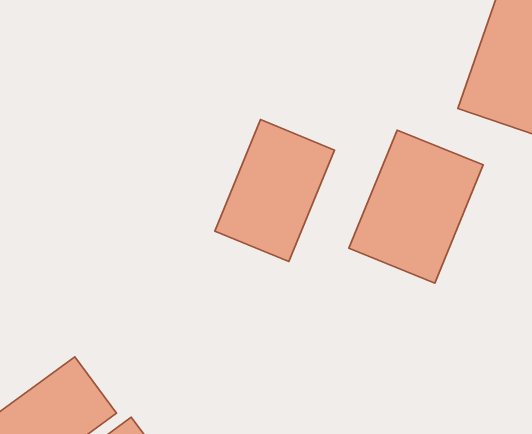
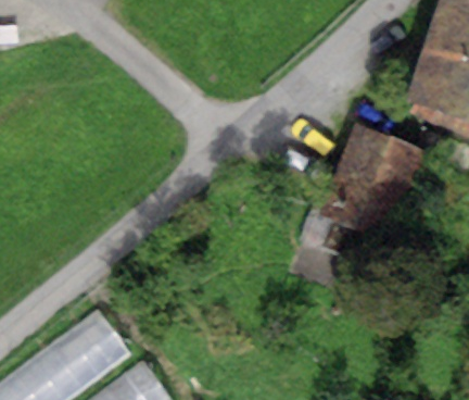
building: [215,120,334,262] -> none

